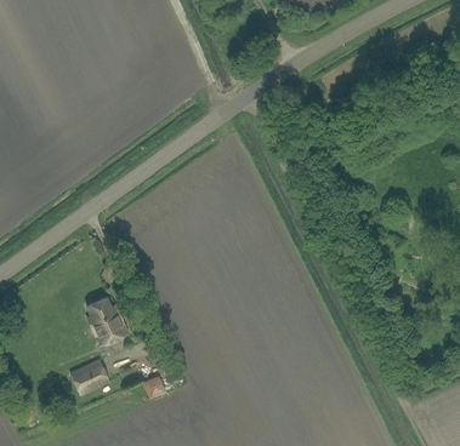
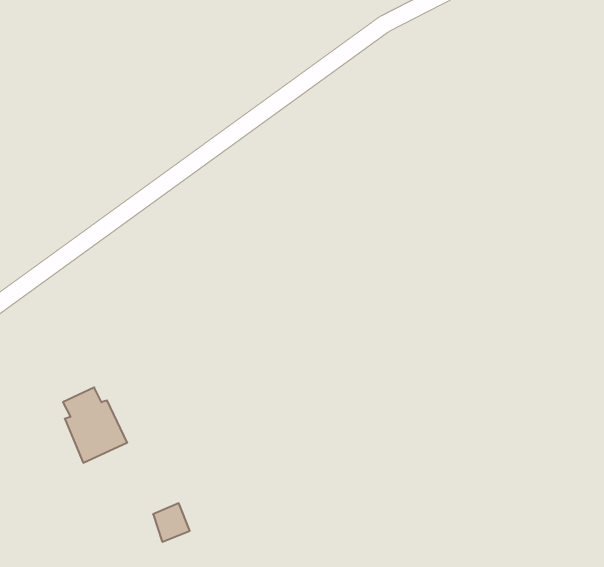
building: [69,359,108,394] -> none

